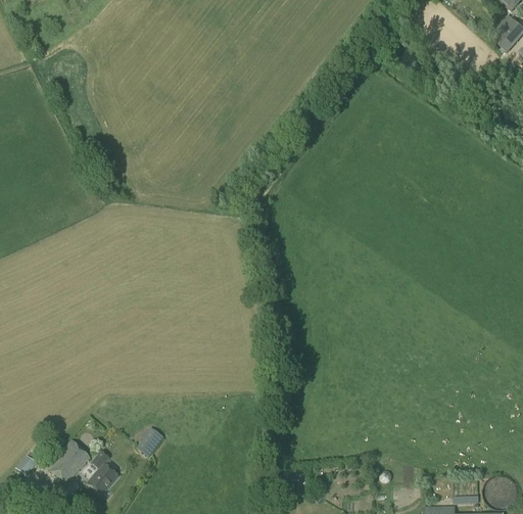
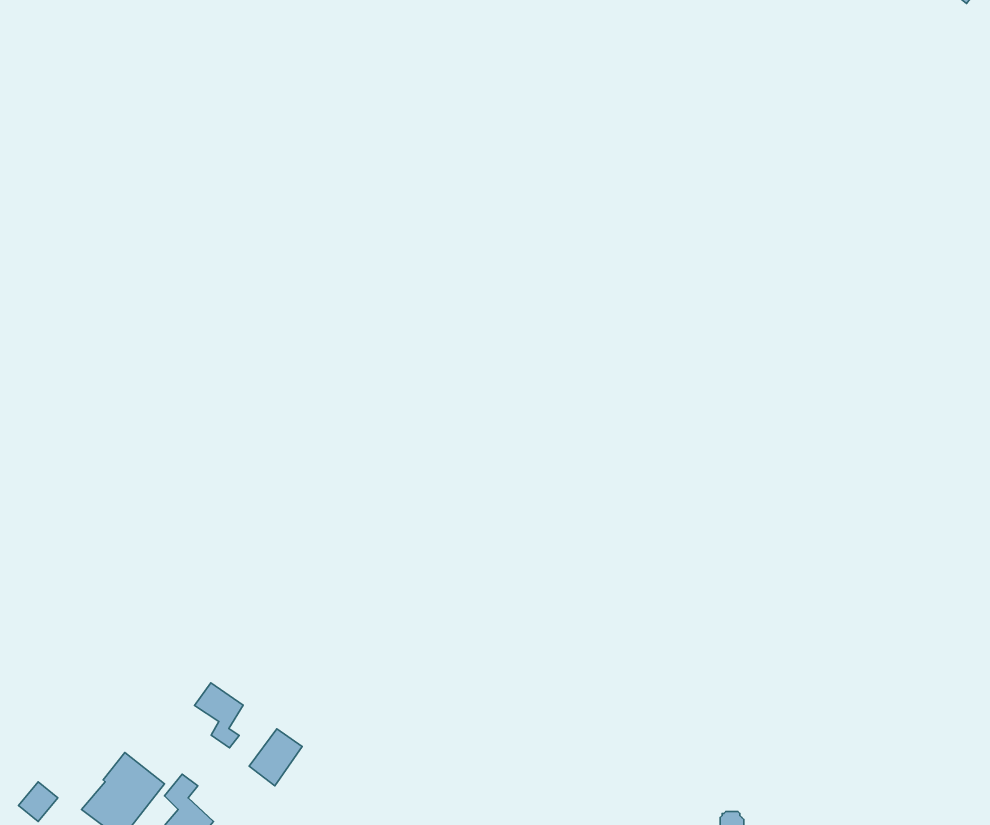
building: none -> [194,683,243,748]

